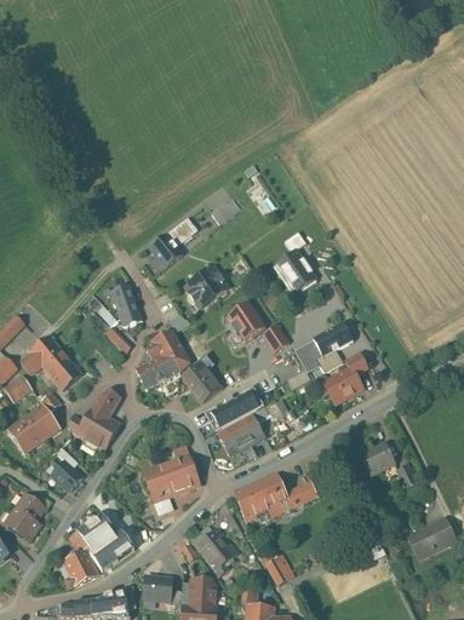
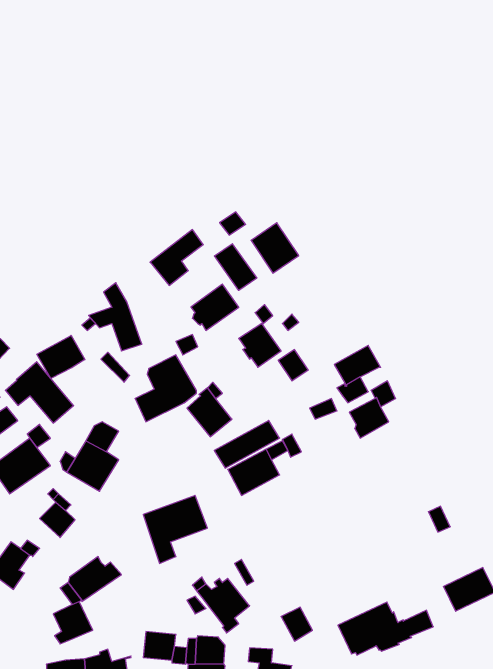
building: none -> [214,244,257,290]
building: [274,249,316,294] -> [251,223,299,273]
building: none -> [37,335,85,378]
building: [361,443,395,475] -> none
building: [233,472,317,519] -> [338,602,433,655]
building: [90,526,138,570] -> none

